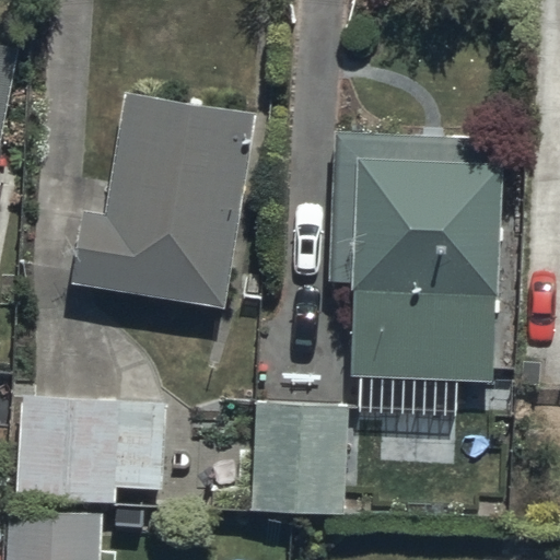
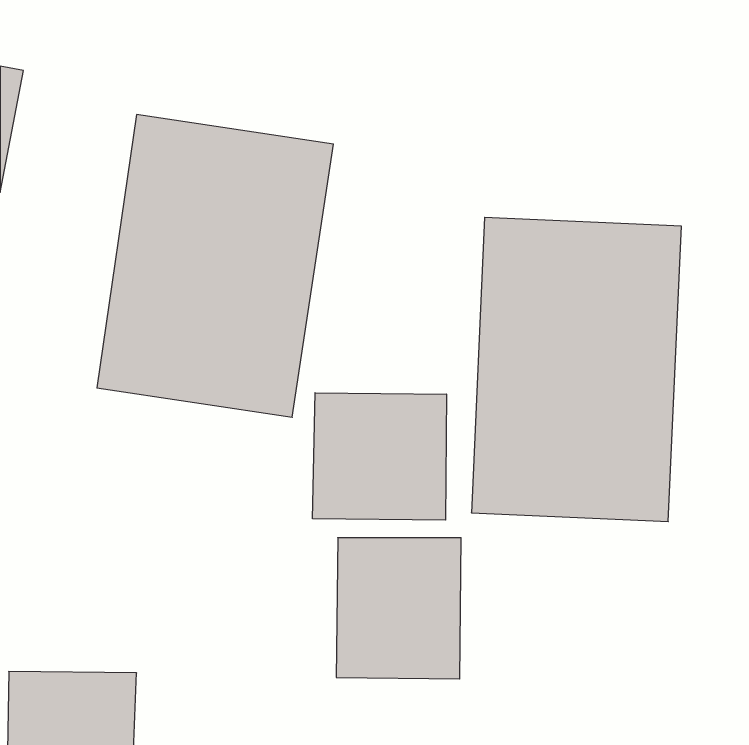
building: none -> [313,393,446,520]
building: [15,394,164,501] -> none

